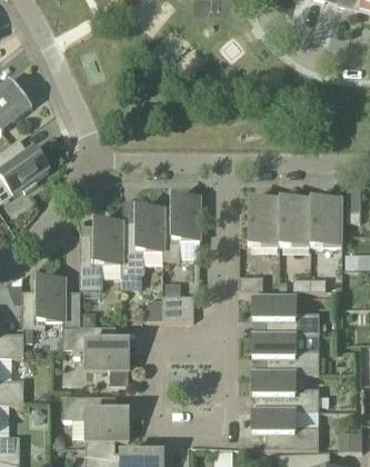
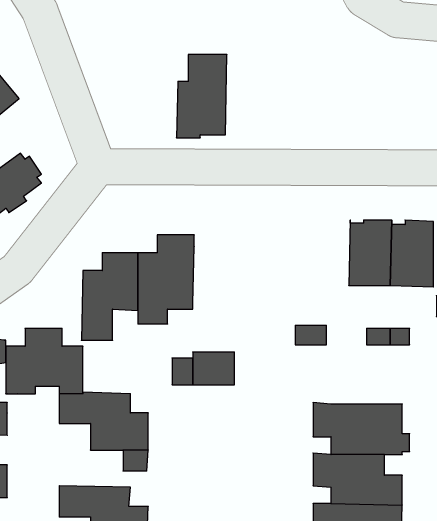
building: [162,196,200,258] -> [176,55,227,138]
building: [247,196,280,245] -> none
building: [252,295,319,334] -> none

